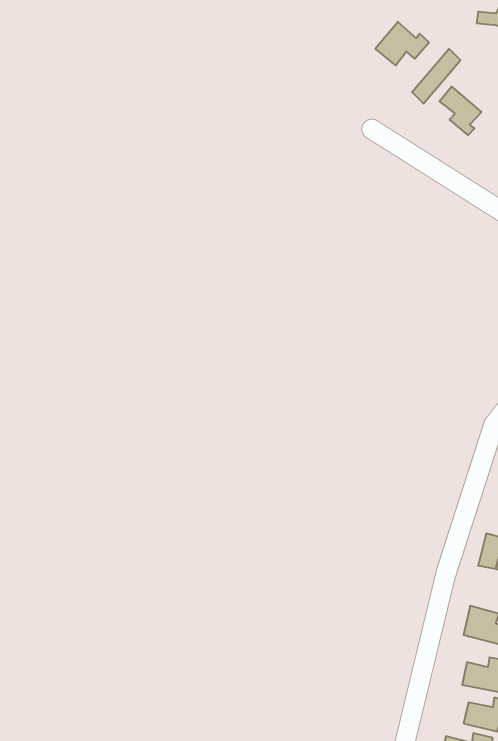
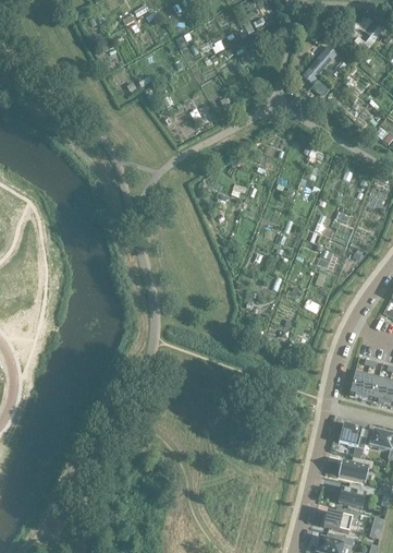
building: [375,22,429,65] -> none
building: [439,86,481,135] -> none

